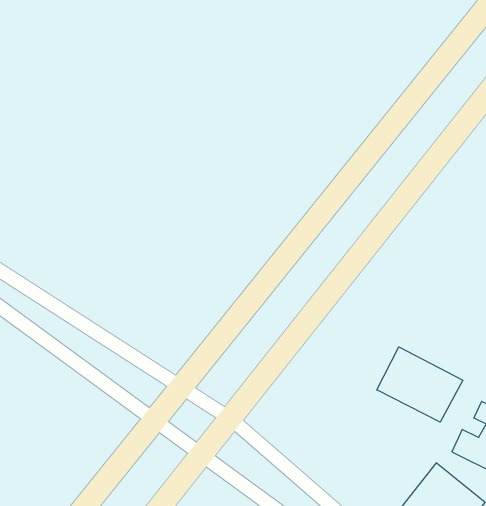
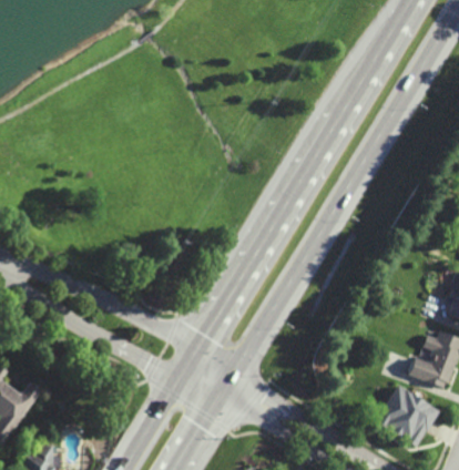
building: [377,347,463,422] -> none

